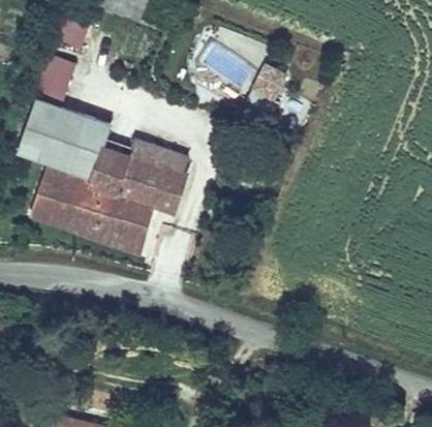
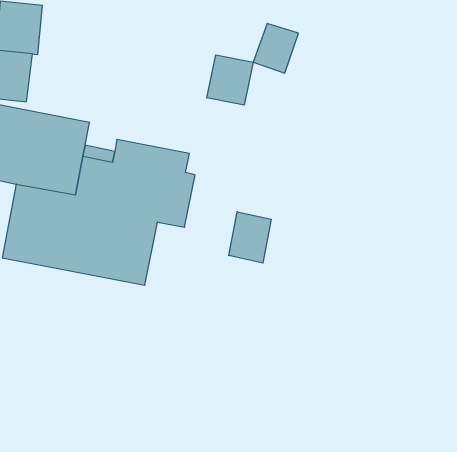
building: none -> [207,55,253,105]
building: none -> [229,212,271,263]

